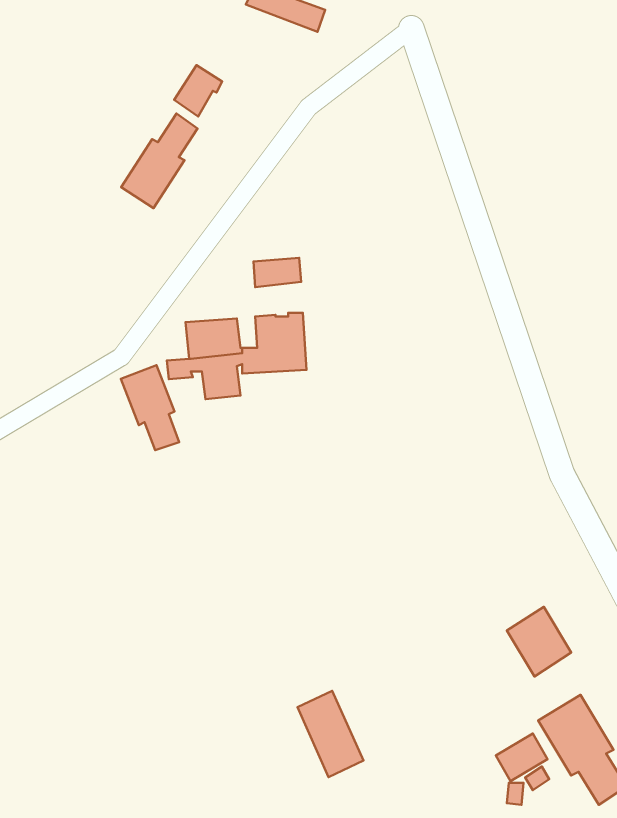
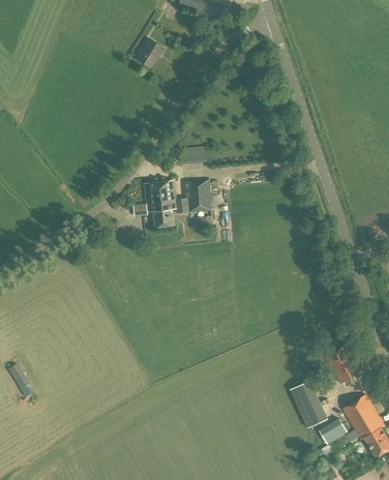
building: [121,113,198,208] -> none
building: [121,365,179,450] -> none
building: [297,691,364,777] -> [290,378,327,426]

